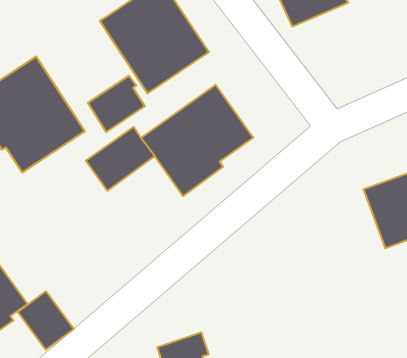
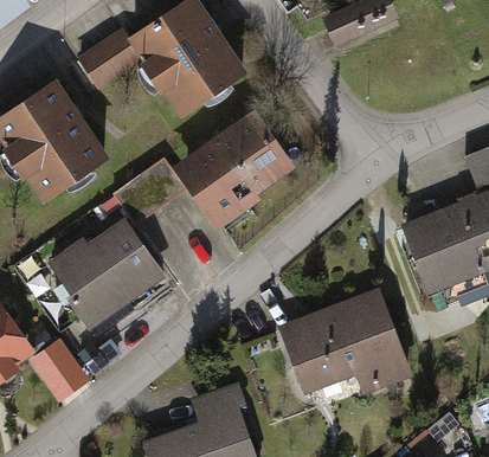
building: [88,76,145,132] -> [75,28,137,90]
building: none -> [43,218,163,333]
building: none -> [275,289,412,398]

